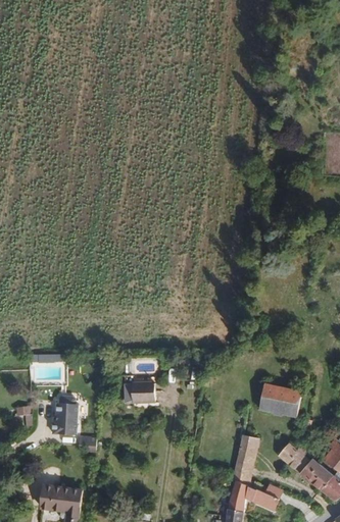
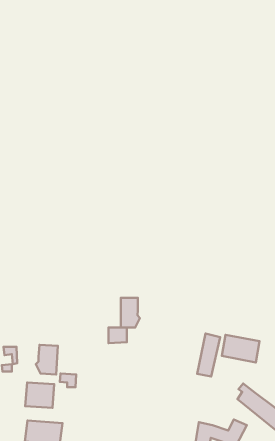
building: none -> [121,298,140,327]
building: [233,438,258,486] -> [197,333,220,377]
building: none -> [25,382,54,408]

